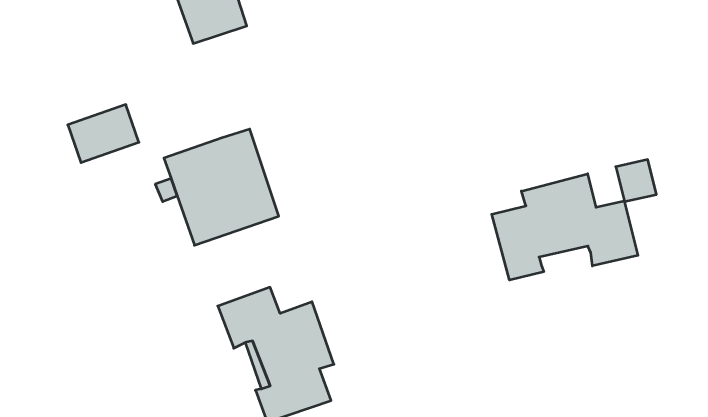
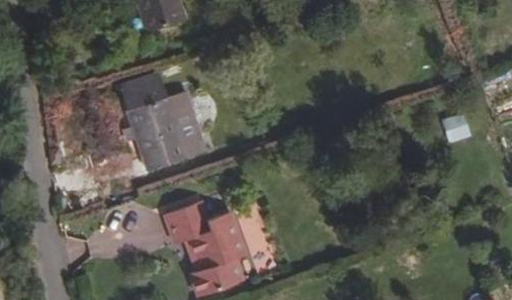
building: [68,105,139,163] -> [119,70,169,110]
building: [492,174,638,280] -> none

